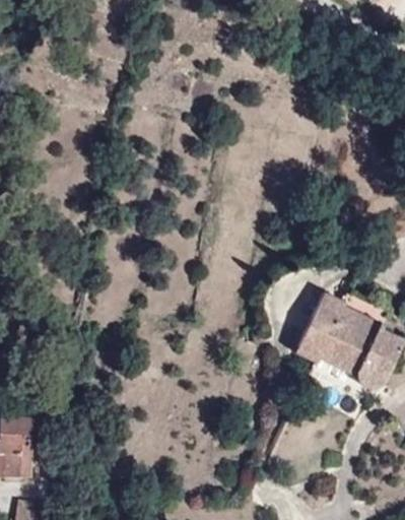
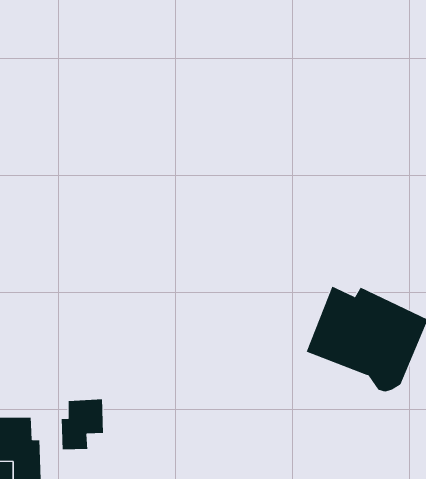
building: none -> [61,399,104,450]

